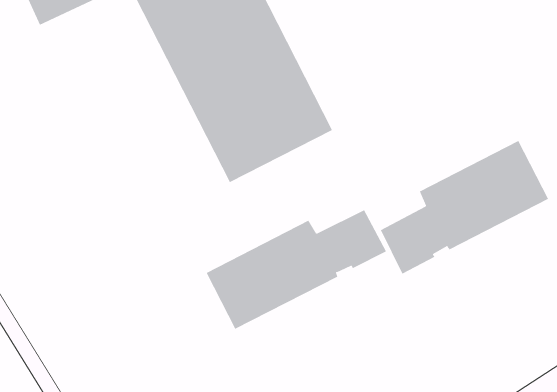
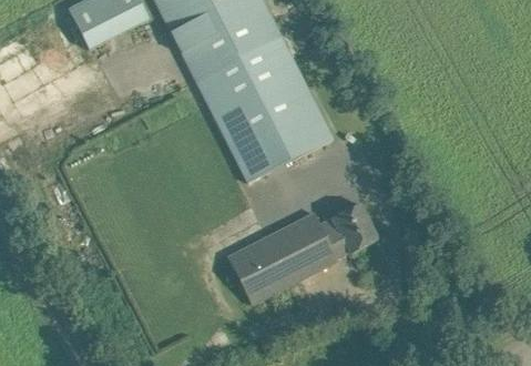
building: [380,140,549,274] -> none

